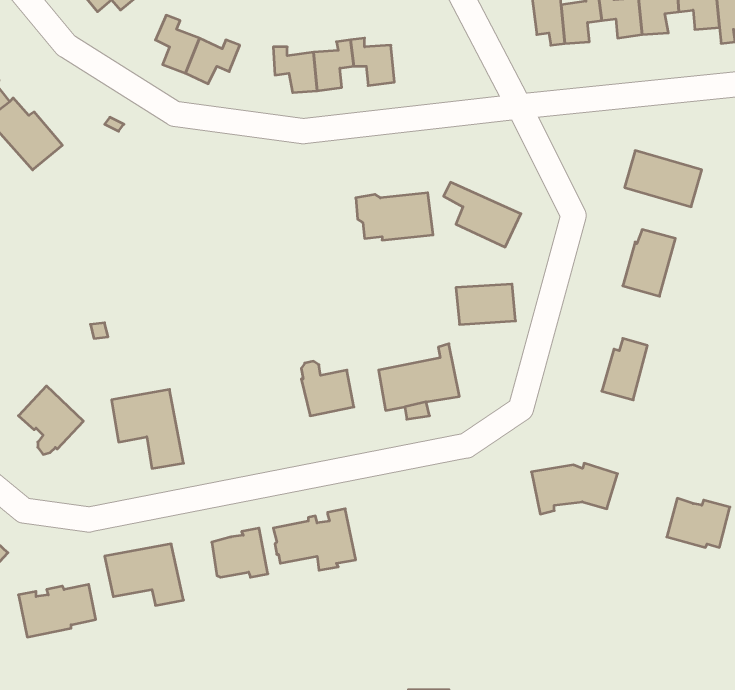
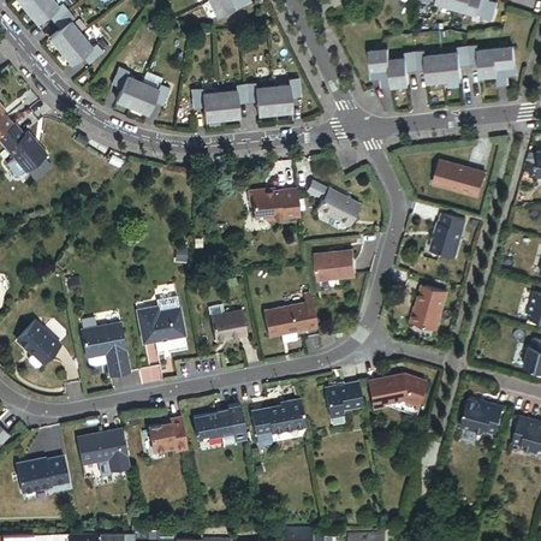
building: none -> [272,78,299,113]
building: none -> [137,307,185,344]
building: none -> [325,381,363,417]
building: none -> [250,399,305,436]

